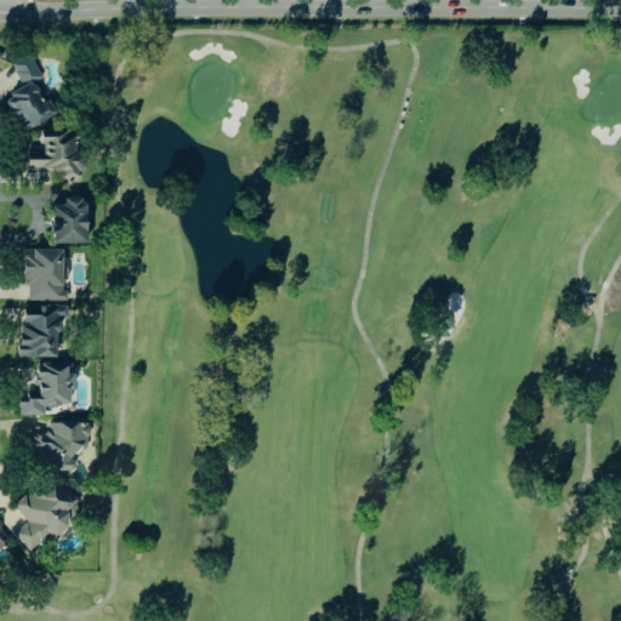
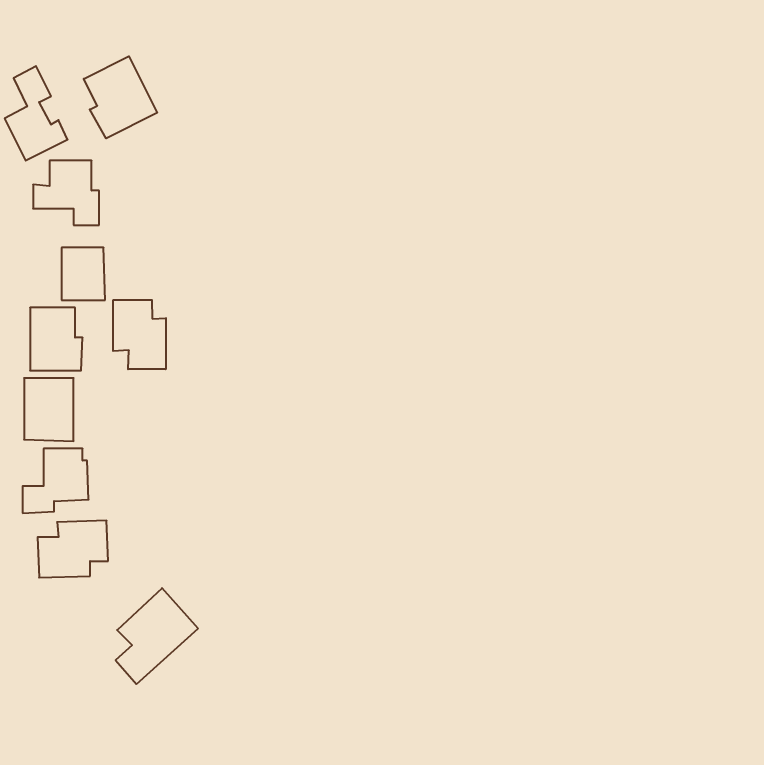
building: none -> [84,56,157,138]
building: none -> [113,300,166,369]
building: [16,475,82,553] -> [116,588,198,684]

